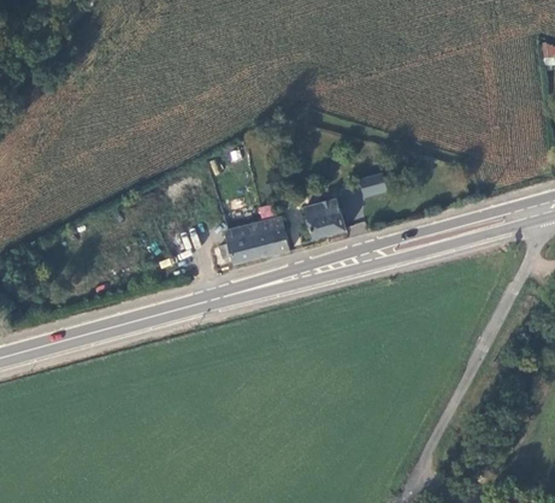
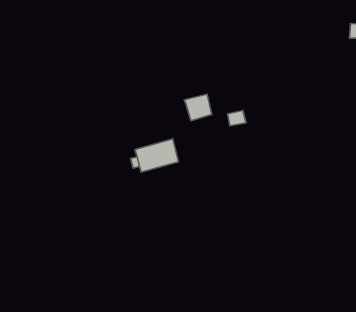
building: [303,200,344,239] -> [184,94,212,121]

